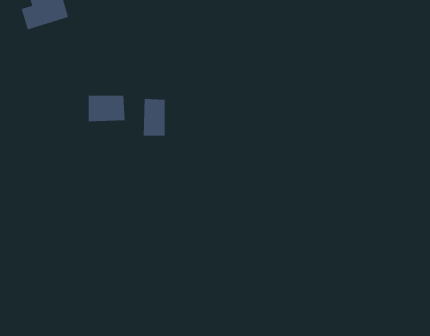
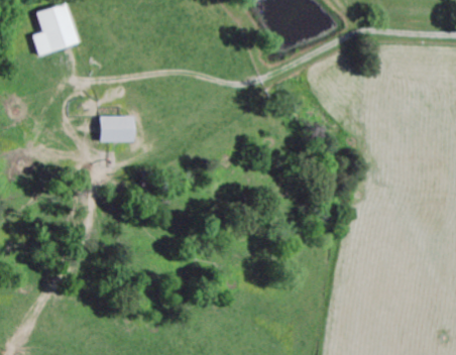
building: [143,98,165,137] -> none

